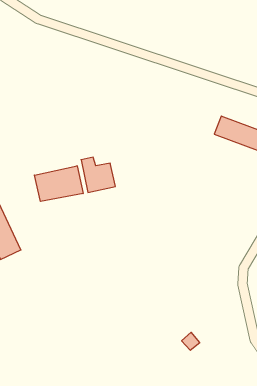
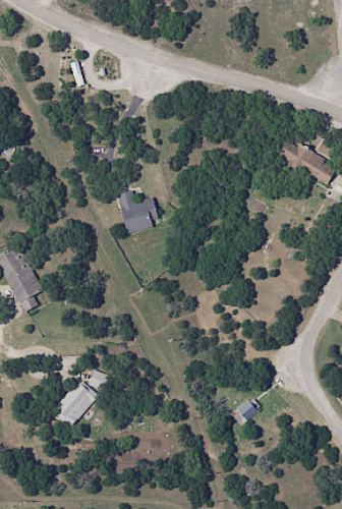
building: [34,166,83,201] -> none
building: none -> [55,380,100,425]

